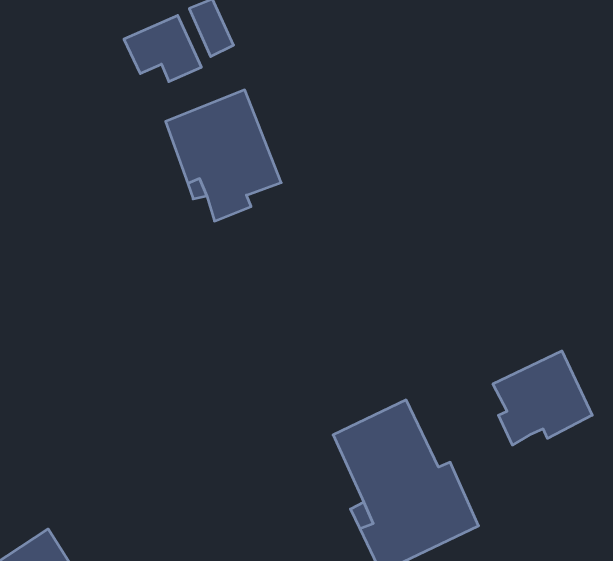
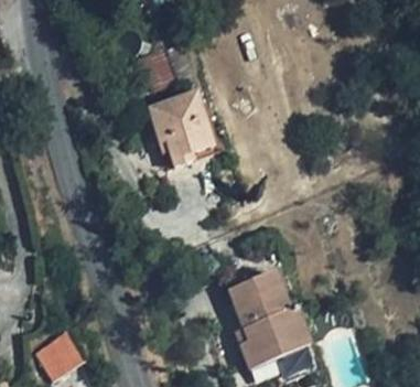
building: [493,351,592,445] -> none

